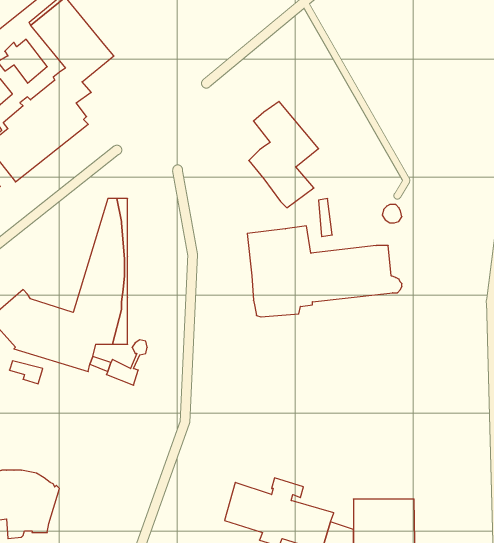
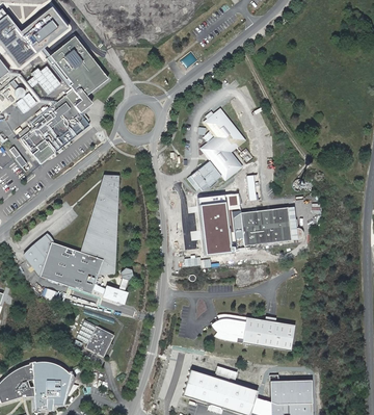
building: none -> [188,161,222,191]
building: none -> [209,314,291,351]
building: none -> [77,319,114,355]

